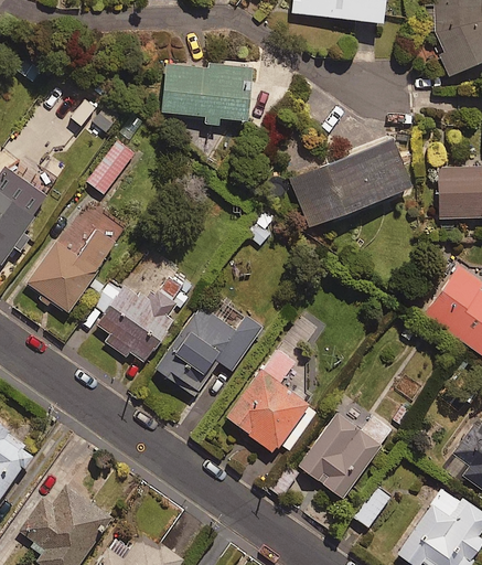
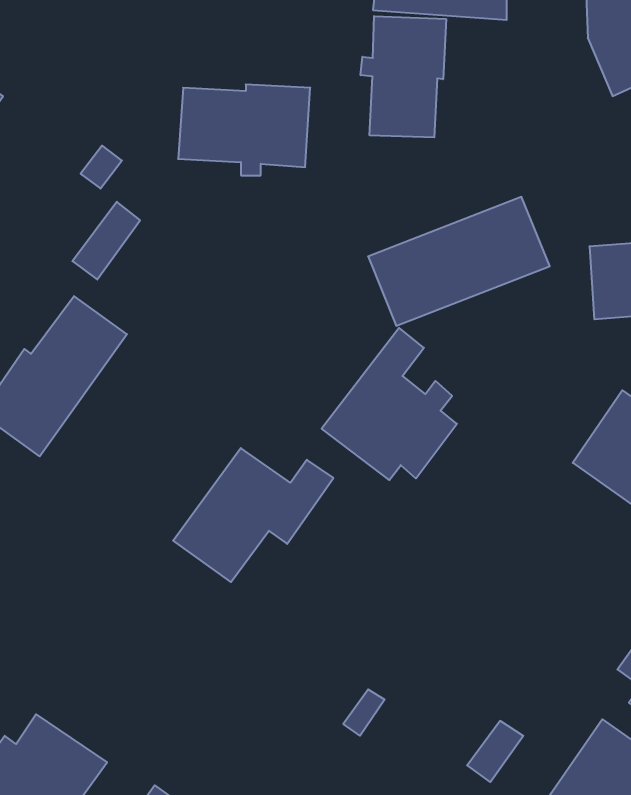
building: none -> [361,16,446,137]
building: [98,270,193,361] -> none
building: [224,351,314,452] -> [322,328,457,480]
building: [298,415,390,499] -> none

